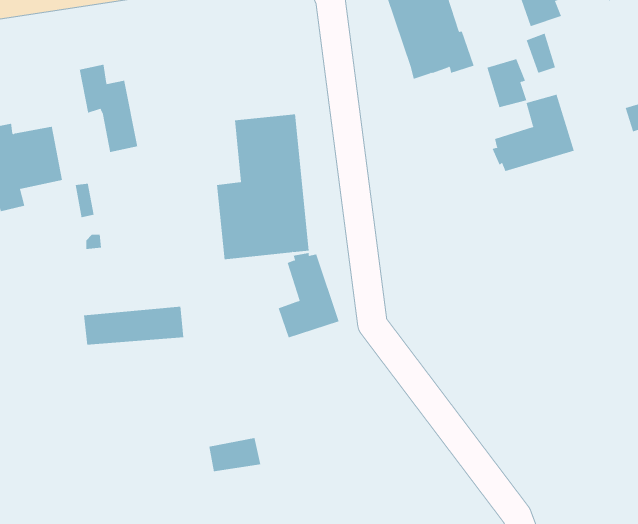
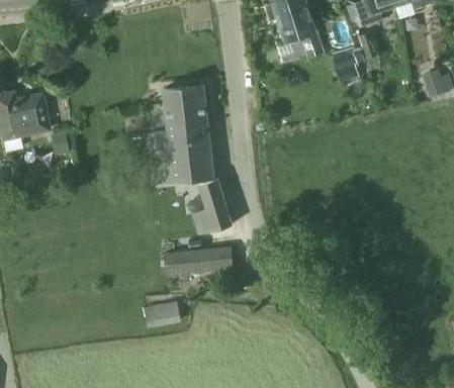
building: [79,64,138,153] -> none
building: [492,94,574,172] -> none
building: [83,306,184,345] -> [166,248,234,274]

